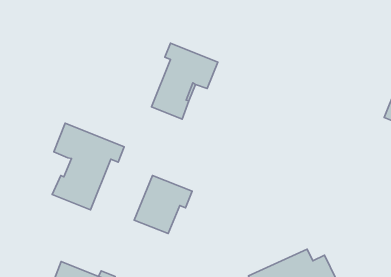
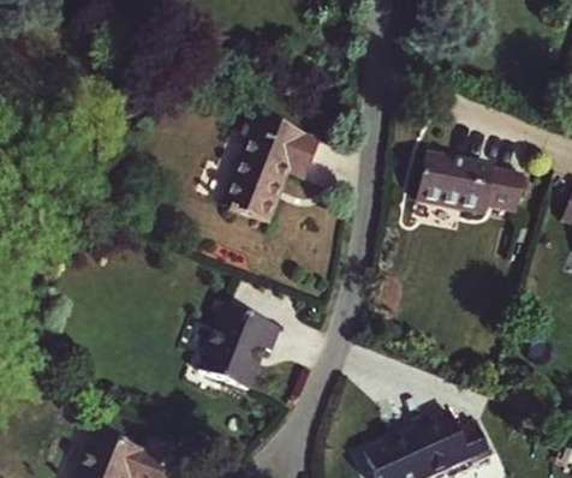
building: none -> [416,153,523,210]
building: [52,123,124,210] -> none

